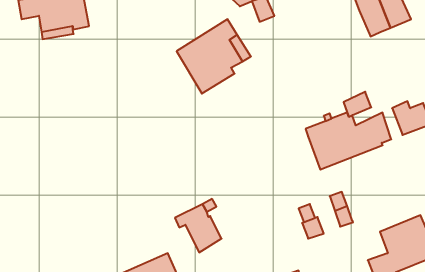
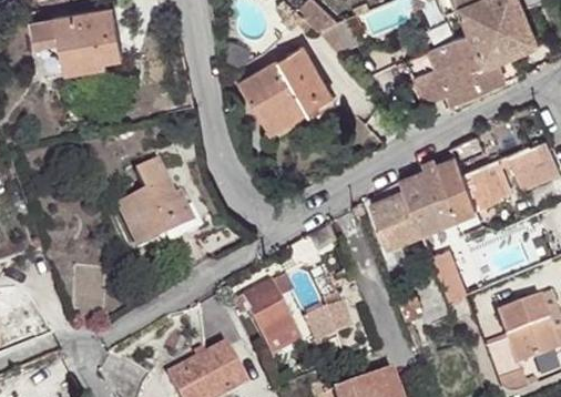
building: none -> [417,33,507,108]
building: none -> [118,156,204,246]
building: none -> [368,195,420,251]
building: none -> [305,302,353,339]

